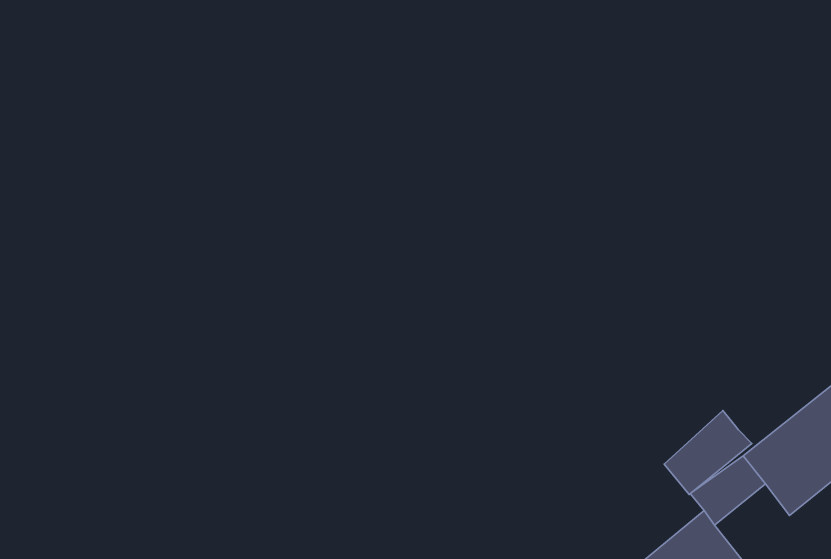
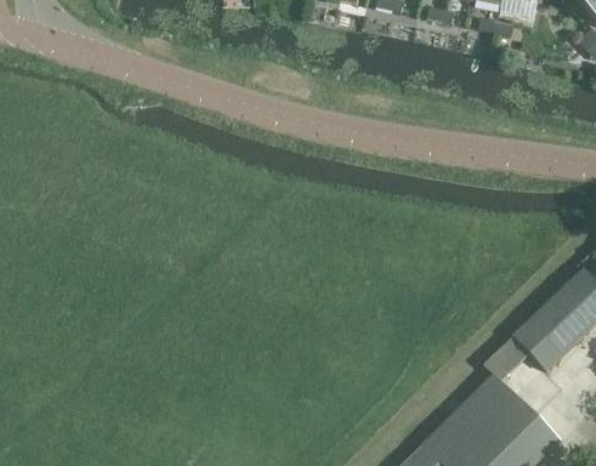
building: [664,411,752,495] -> none

